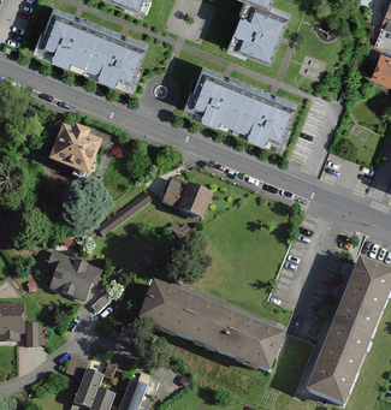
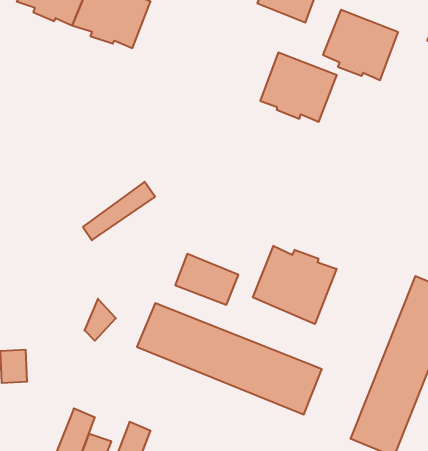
building: [189,66,249,123] -> [323,10,398,80]
building: [47,123,99,172] -> none
building: [160,176,211,216] -> [175,254,238,305]
building: none -> [253,246,337,324]
building: [48,251,99,304] -> none

